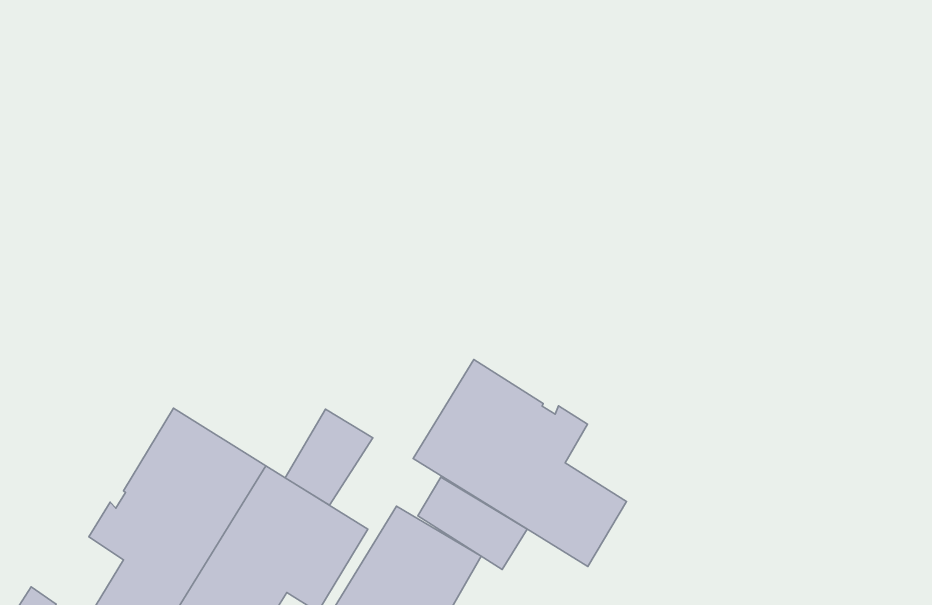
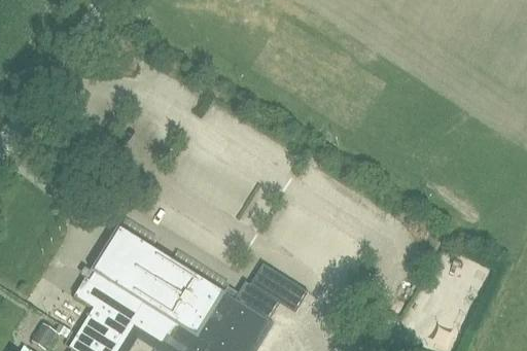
building: [413,359,627,567] -> none
building: [285,409,373,505] -> none

